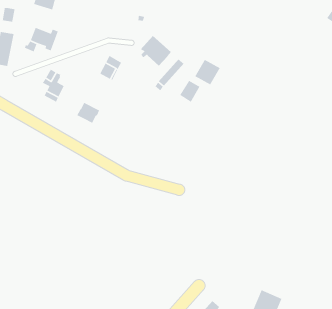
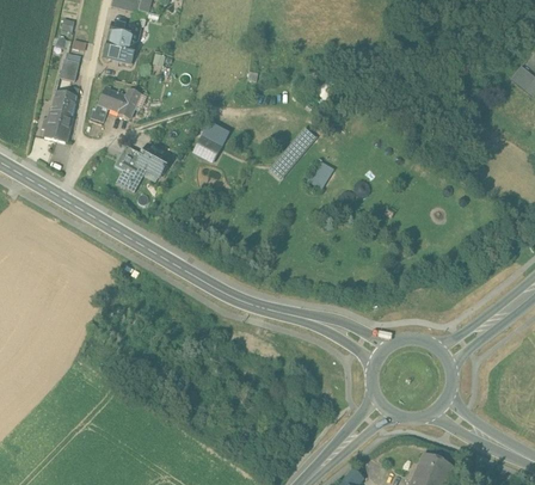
building: [140,35,172,66] -> none
building: [194,59,221,86] -> none
building: [76,102,100,124] -> [137,145,171,176]

